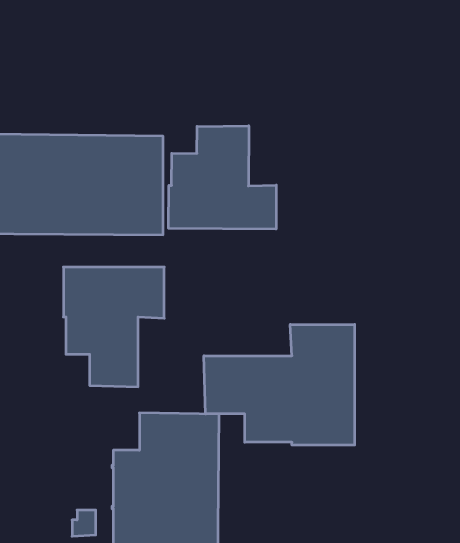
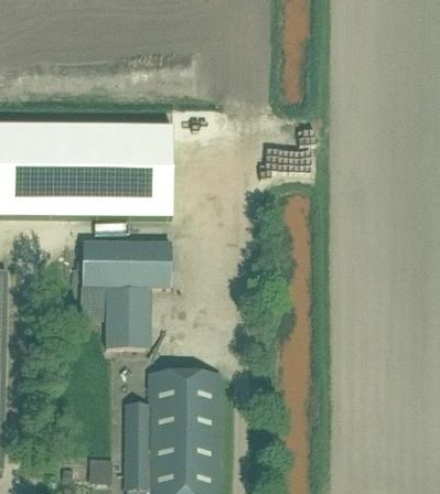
building: [169,126,276,229] -> none
building: [204,324,355,445] -> none

